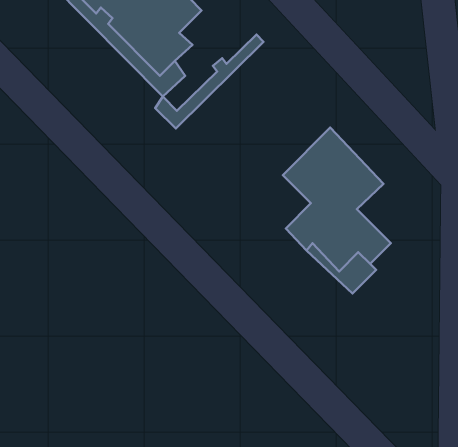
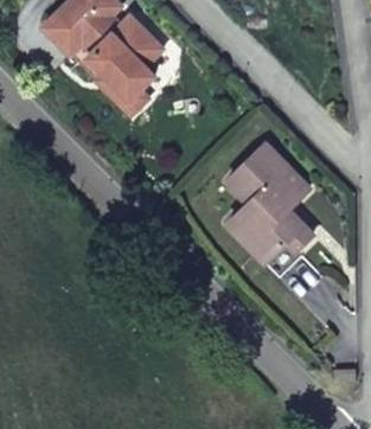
building: [155,35,264,128] -> none

